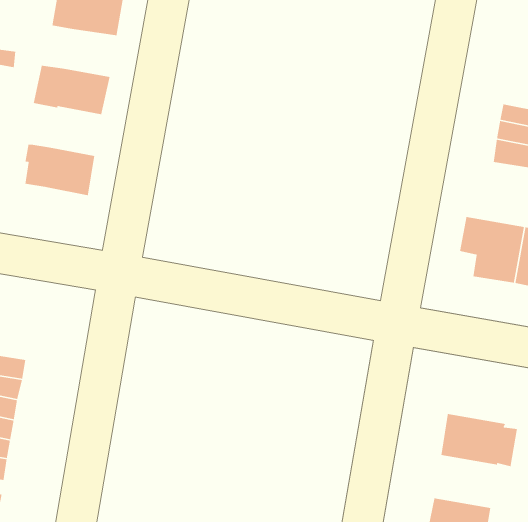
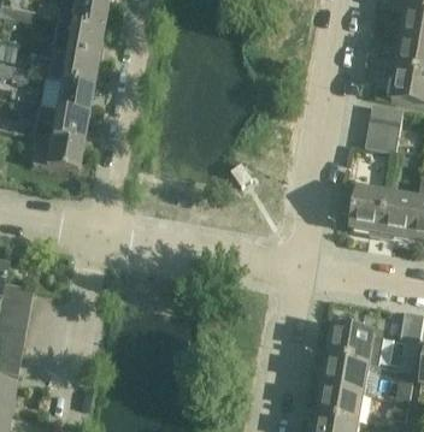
building: none -> [60,51,98,84]
building: none -> [34,103,87,141]
building: none -> [324,355,370,392]

